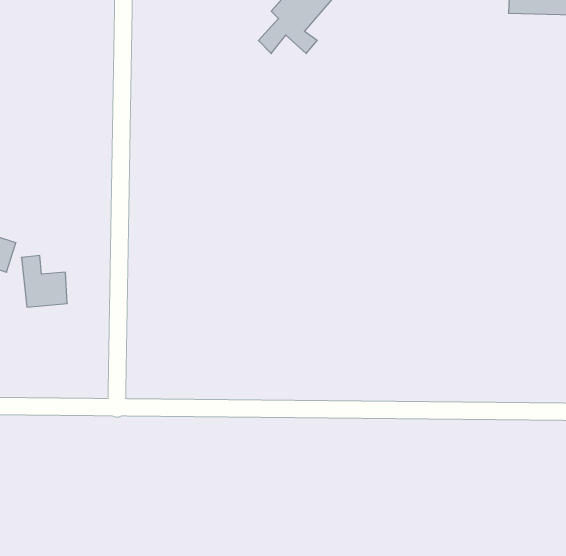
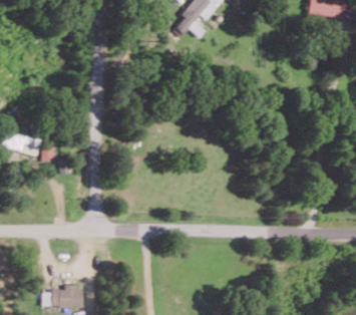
building: none -> [50,285,81,307]

